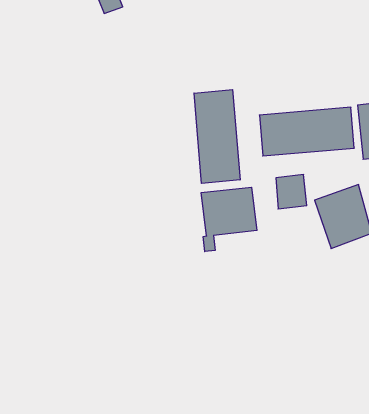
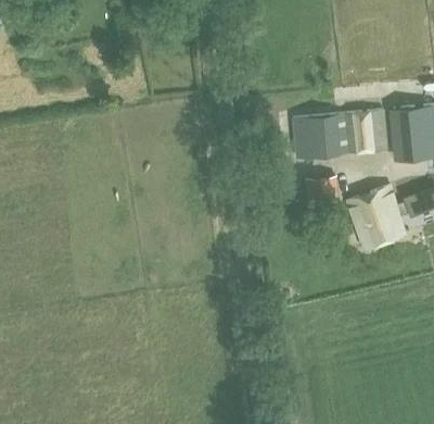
building: [194,90,240,183] -> none
building: [201,187,257,252] -> none

